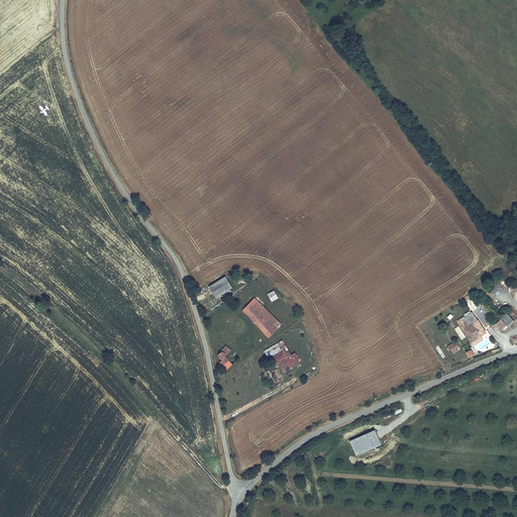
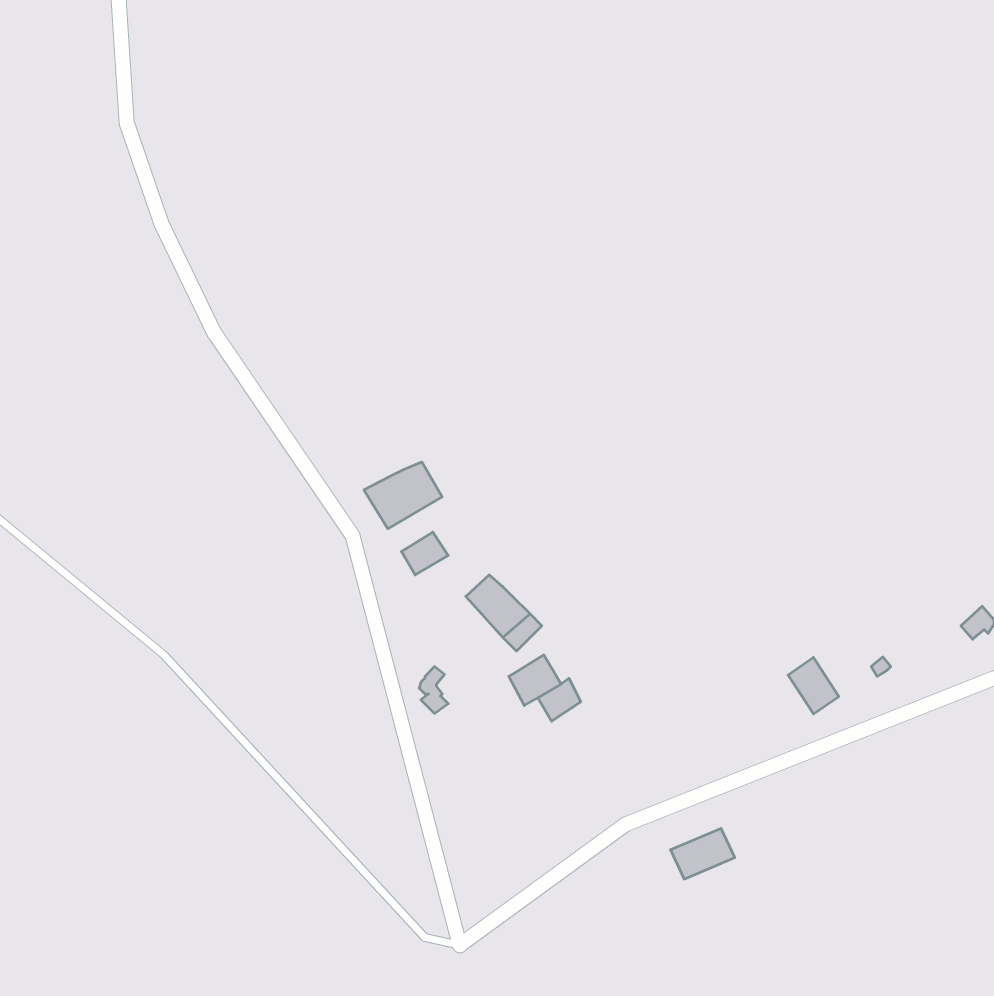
building: none -> [364,462,442,529]
building: [461,312,488,341] -> [788,657,839,714]

